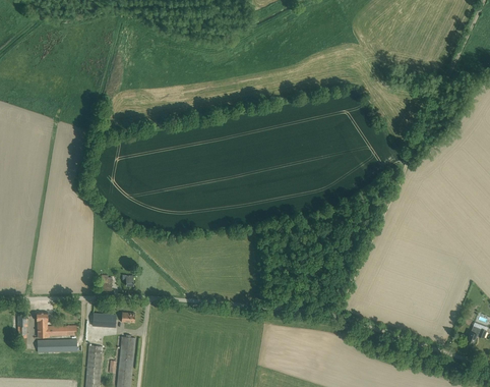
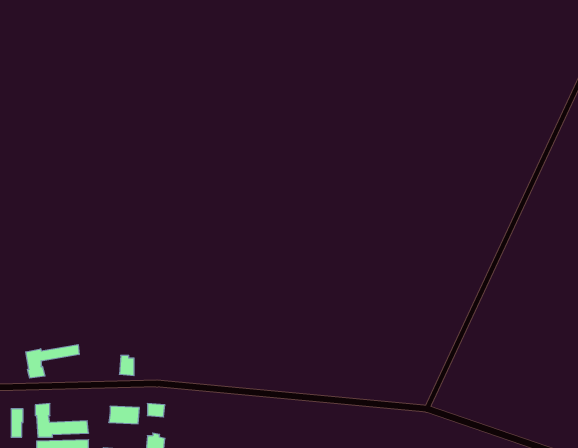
building: none -> [26,345,79,378]

